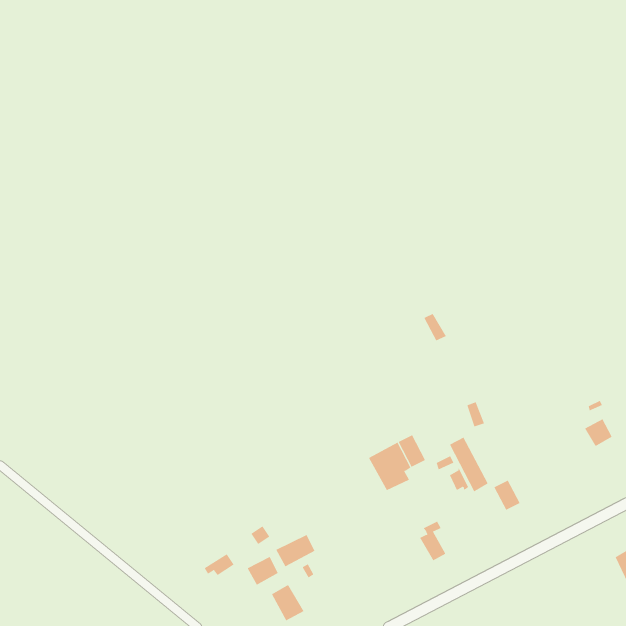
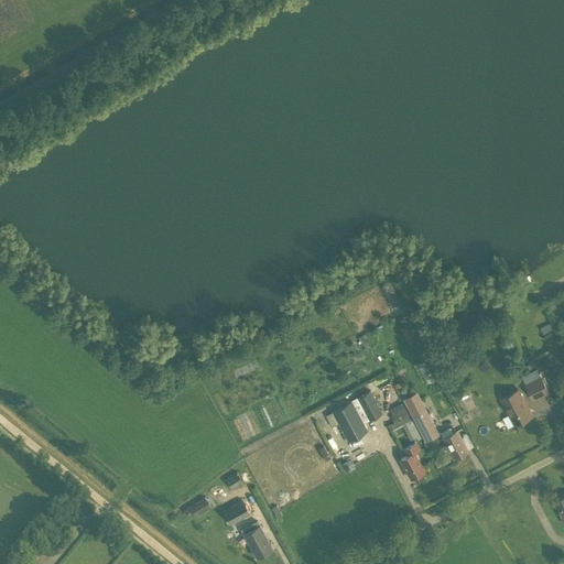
building: none -> [502,391,533,426]
building: [419,521,446,561] -> [401,444,425,480]
building: [276,534,315,567] -> none

